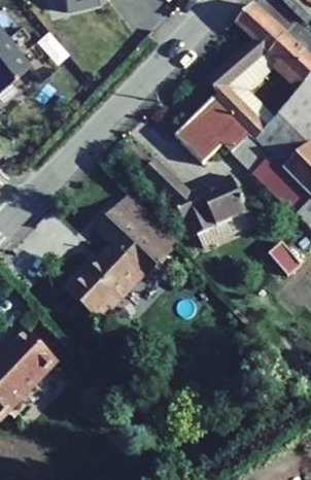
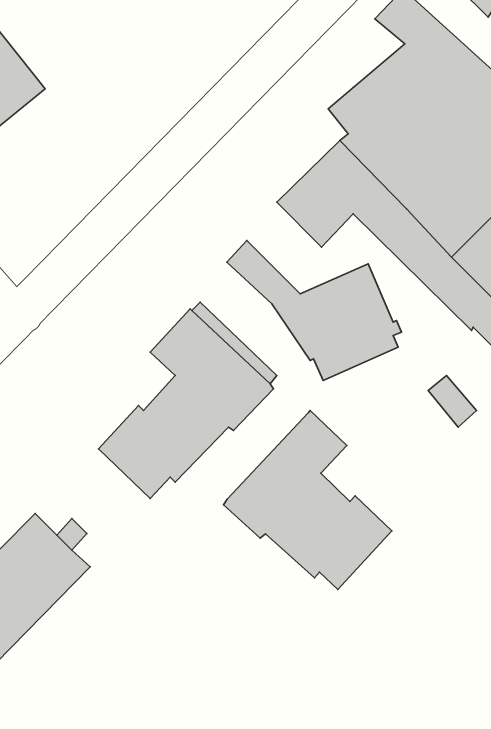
building: none -> [224,411,392,590]

